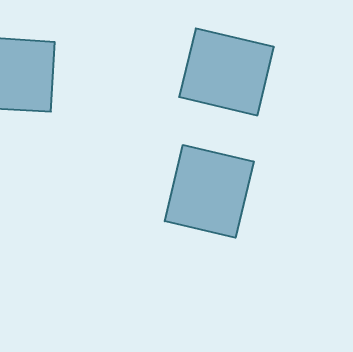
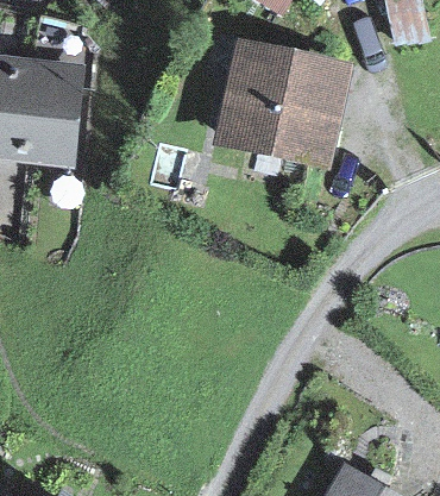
building: [165,145,254,238] -> none

